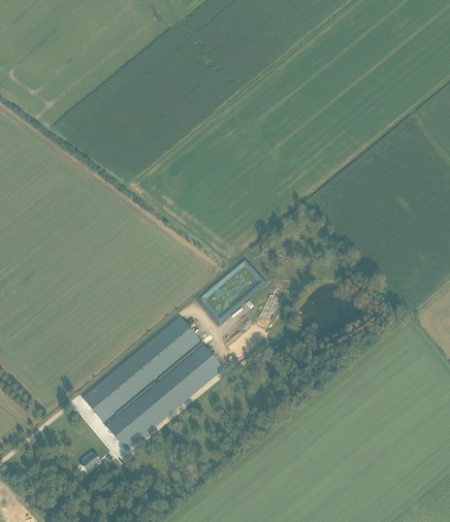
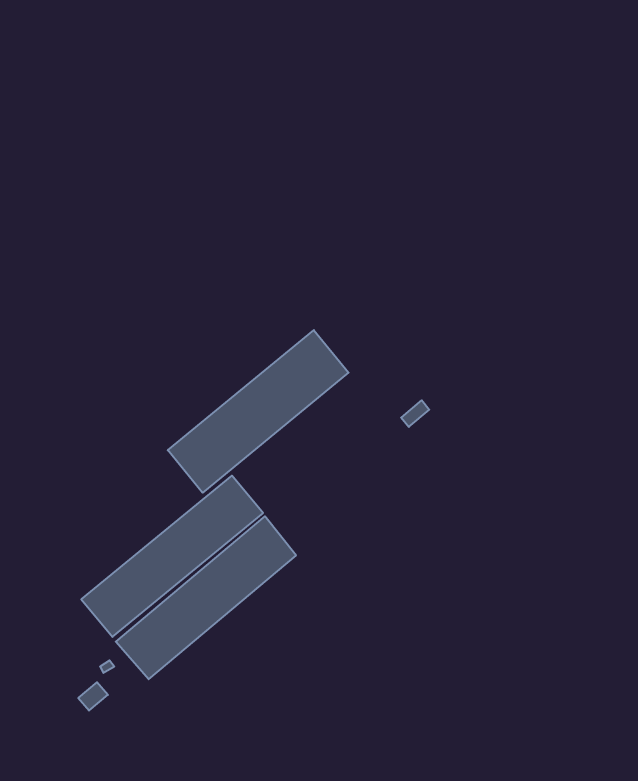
building: none -> [168,330,349,493]

